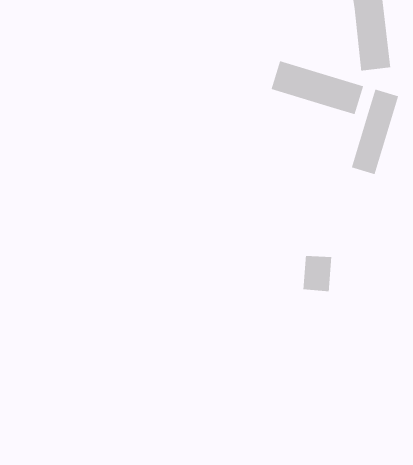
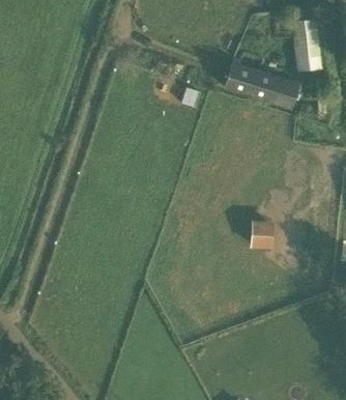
building: [351,88,399,175] -> none

